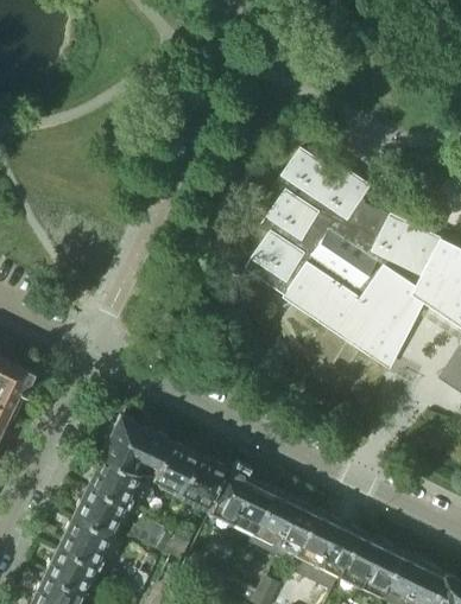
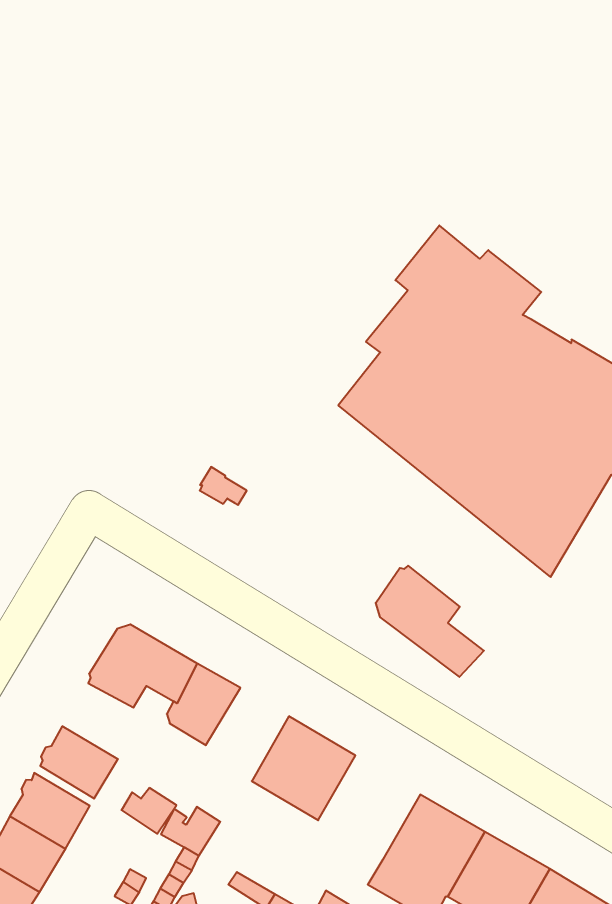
building: none -> [376,566,484,677]
building: [181,454,227,507] -> none
building: [89,459,138,506] -> none
building: [255,491,318,555] -> none

